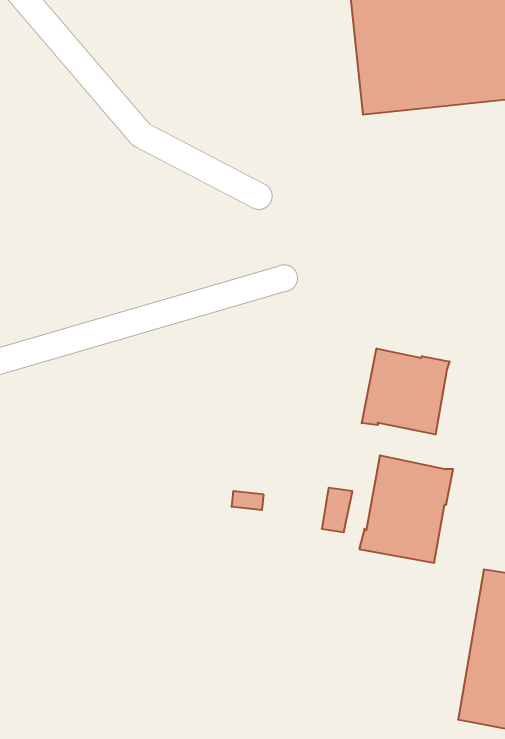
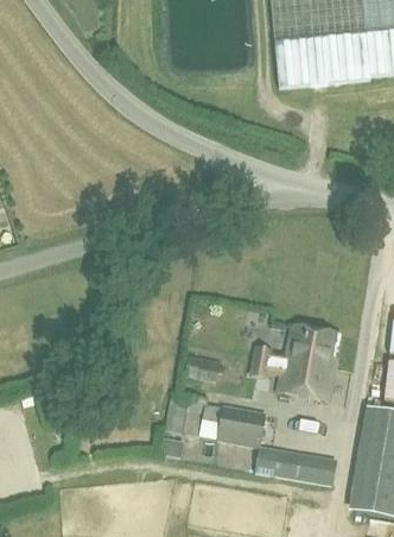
building: [362,348,450,435] -> none
building: none -> [165,392,337,486]

